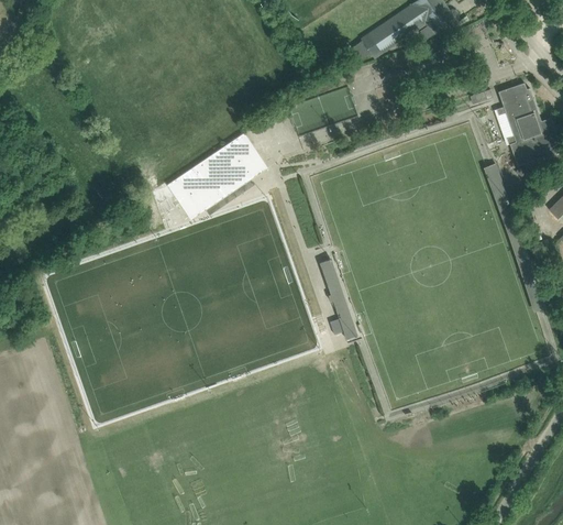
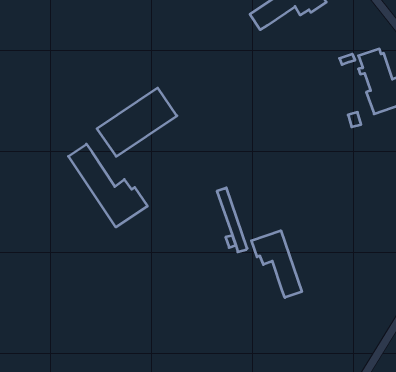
building: none -> [68,144,147,227]
building: none -> [251,231,302,298]

